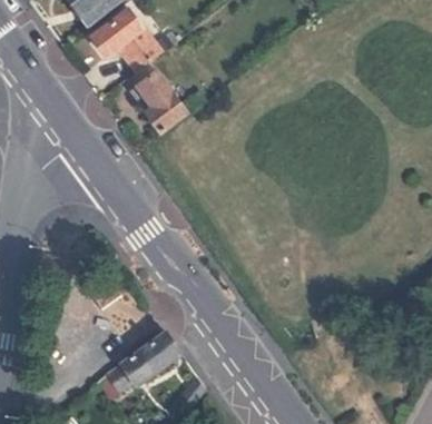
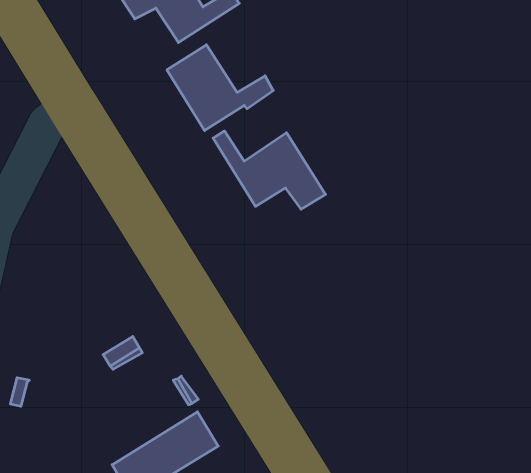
building: none -> [213,131,326,209]

